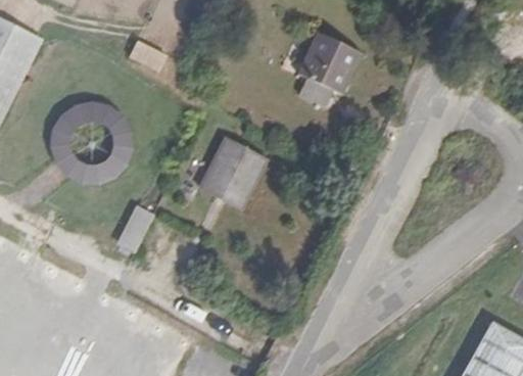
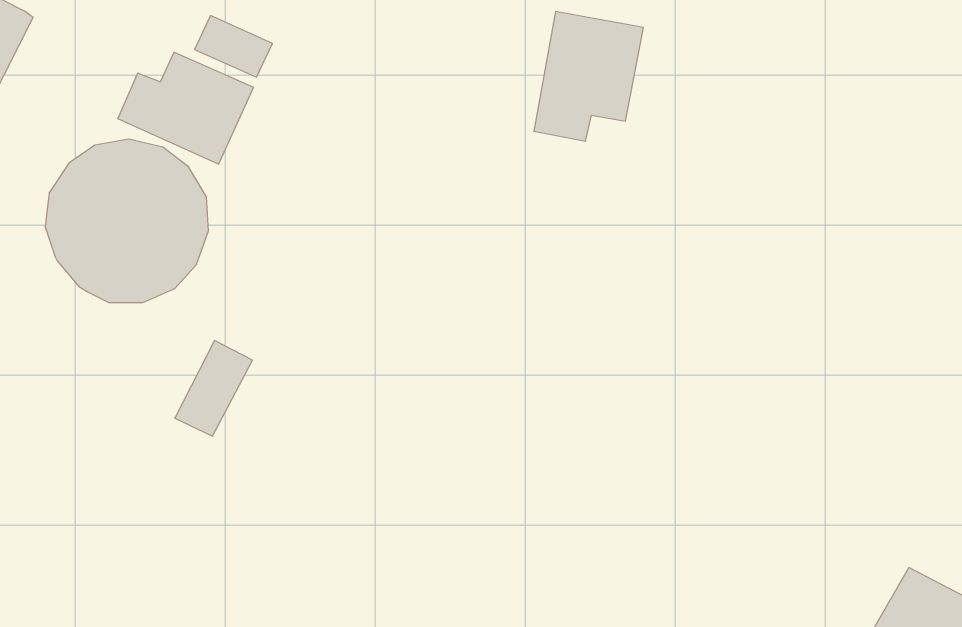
building: none -> [118,52,253,164]
building: [197,137,270,212] -> none

